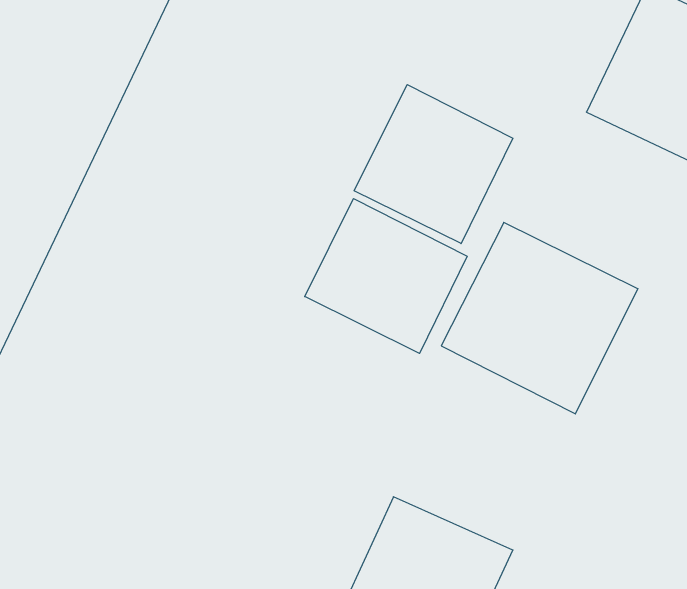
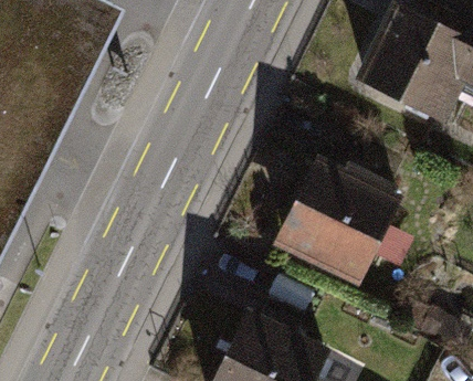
building: [354,85,513,244] -> none
building: [305,199,467,353] -> none

